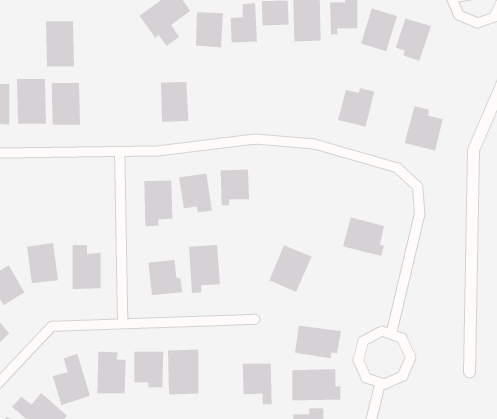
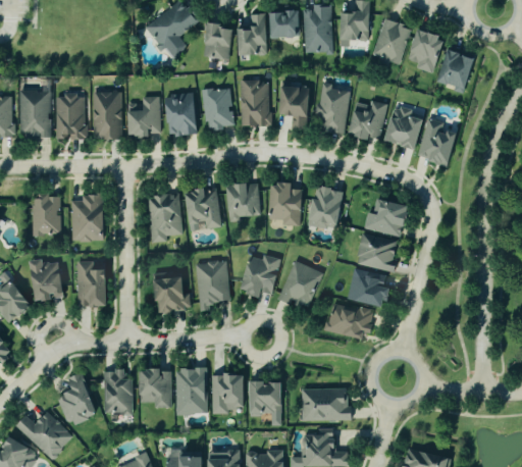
building: [45,21,75,67] -> [92,92,122,139]
building: none -> [439,50,475,94]
building: none -> [240,80,270,125]
building: none -> [316,83,349,134]
building: none -> [280,87,310,128]
building: none -> [201,88,232,129]
building: none -> [127,96,160,136]
building: none -> [386,106,424,149]
building: none -> [270,183,302,225]
building: none -> [309,186,345,230]
building: none -> [70,195,104,241]
building: none -> [31,196,60,235]
building: none -> [363,198,410,238]
building: none -> [242,254,281,296]
building: none -> [348,272,392,307]
building: [294,325,342,359] -> [325,304,374,339]
building: none -> [211,374,245,414]

